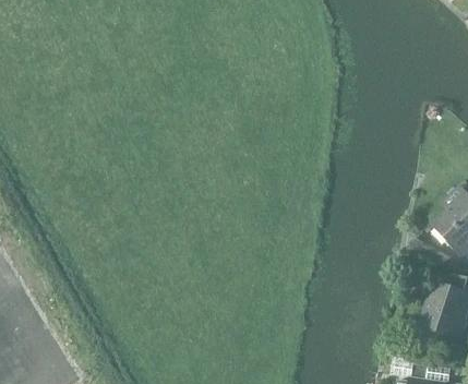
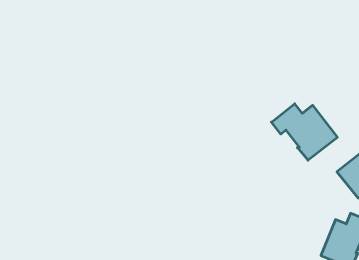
building: none -> [271,104,337,160]

